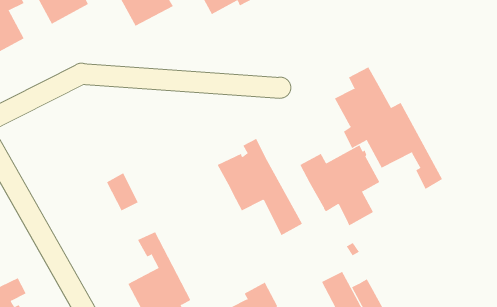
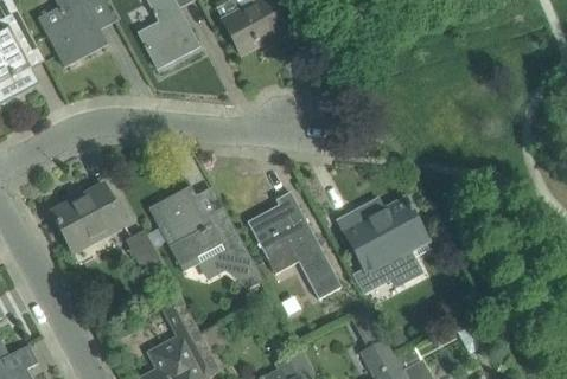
building: [334,66,443,190] -> none
building: none -> [51,184,125,251]
building: none -> [148,185,261,287]

